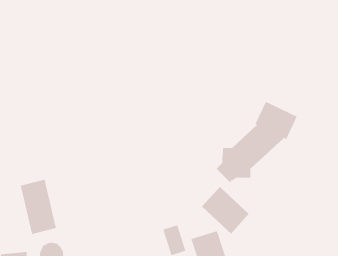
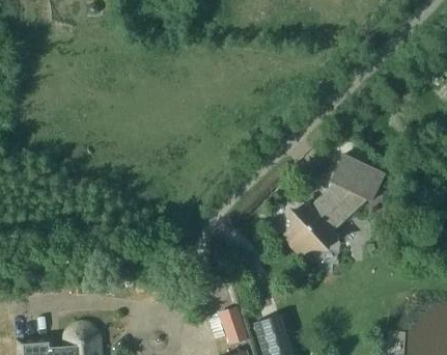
building: [20,179,57,235] -> none
building: [201,186,250,234] -> none

